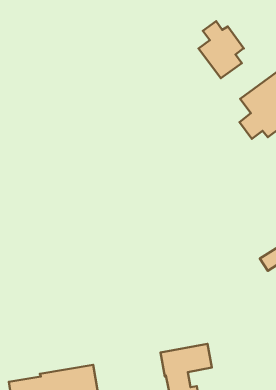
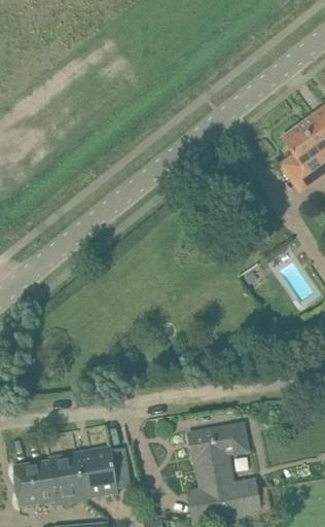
building: [199,21,244,78] -> none

